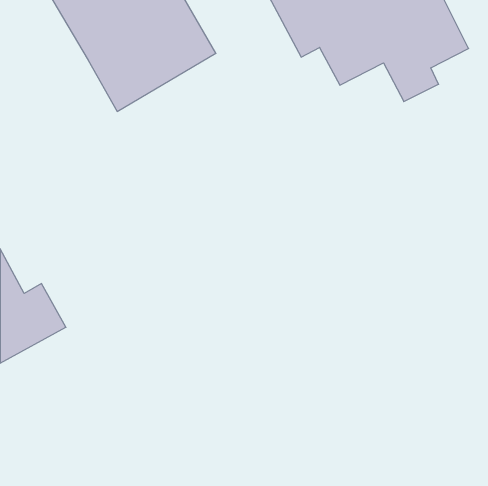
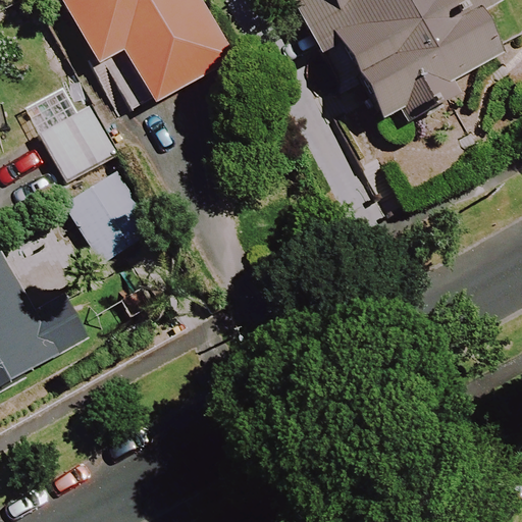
building: none -> [23,74,102,160]
building: none -> [66,170,155,262]

